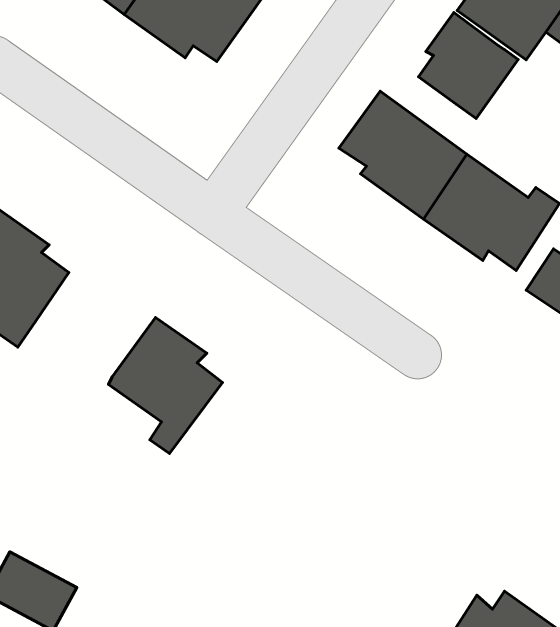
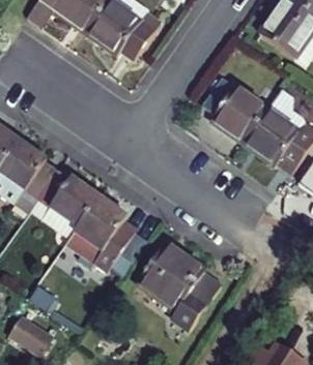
building: [419,12,518,118] -> none
building: none -> [35,170,98,224]
building: none -> [134,237,215,323]

